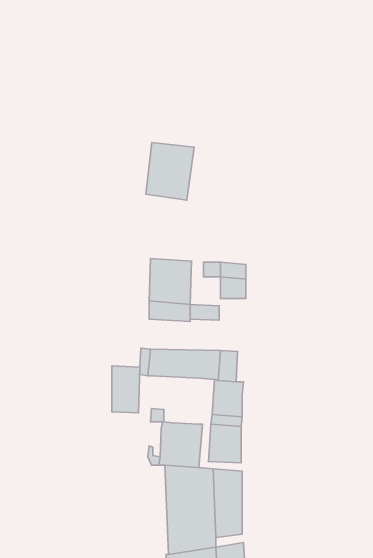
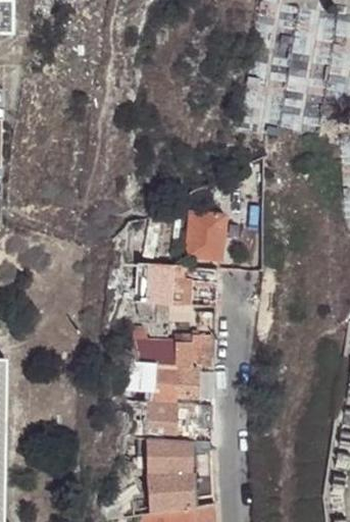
building: [146,142,194,200] -> [185,210,226,259]
building: [112,366,140,413] -> [154,363,178,403]

